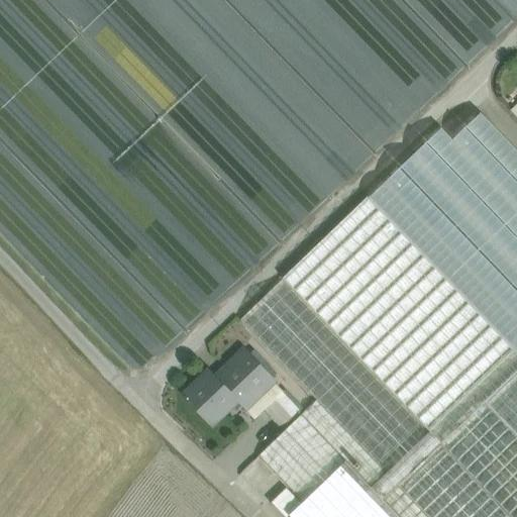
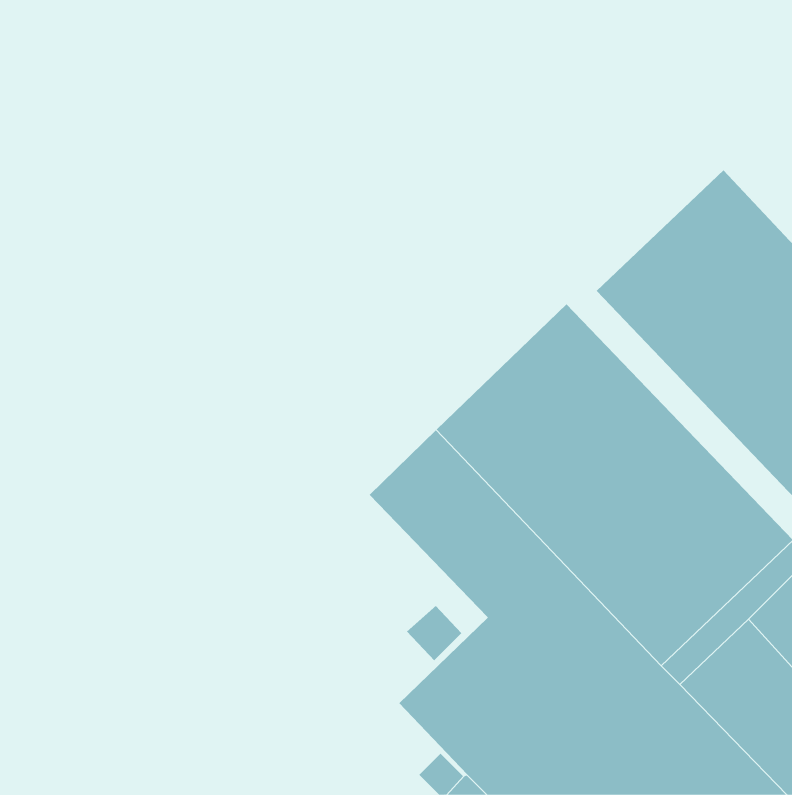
building: [188,352,277,423] -> none

